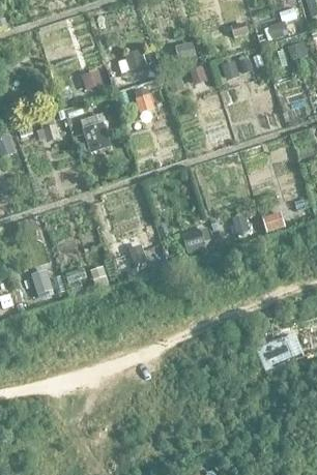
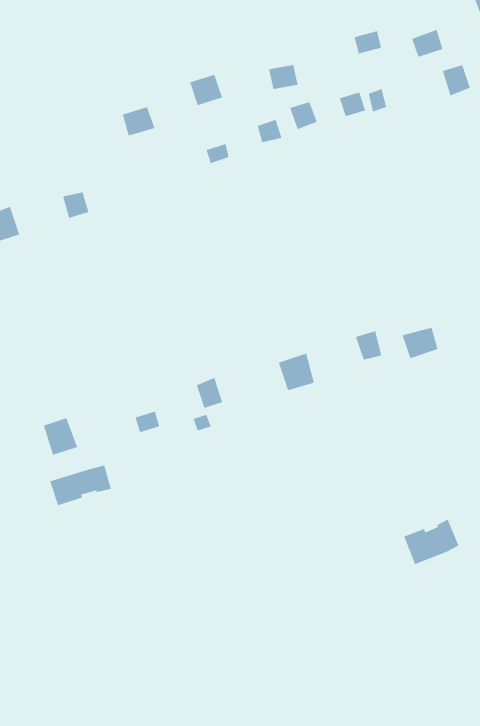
building: [82,121,111,153] -> none
building: none -> [49,465,112,506]

